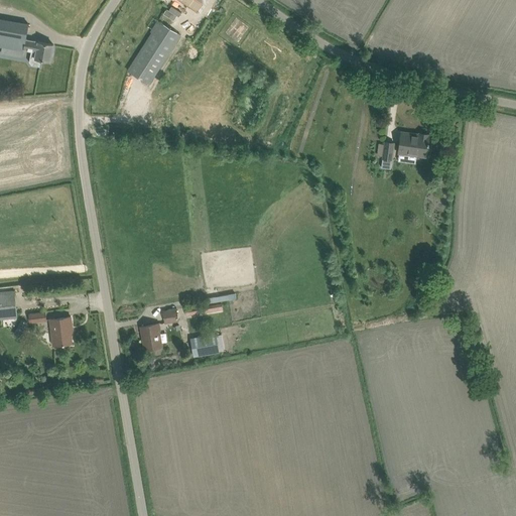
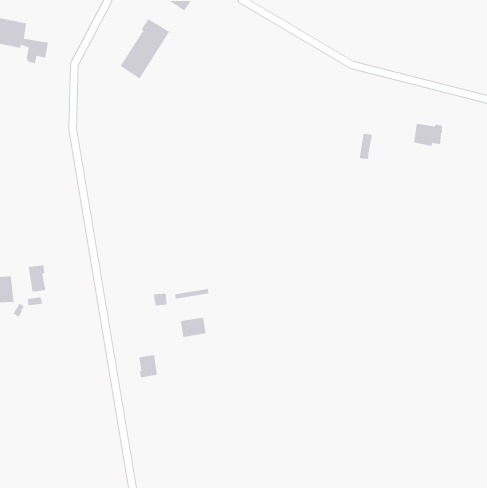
building: [395,134,426,159] -> [413,123,443,147]
building: [51,317,71,347] -> [28,265,46,292]
building: [139,325,161,350] -> [137,354,158,378]

